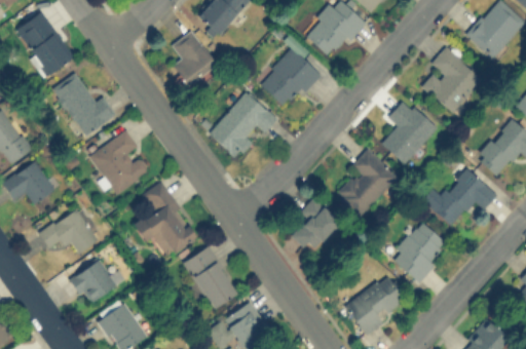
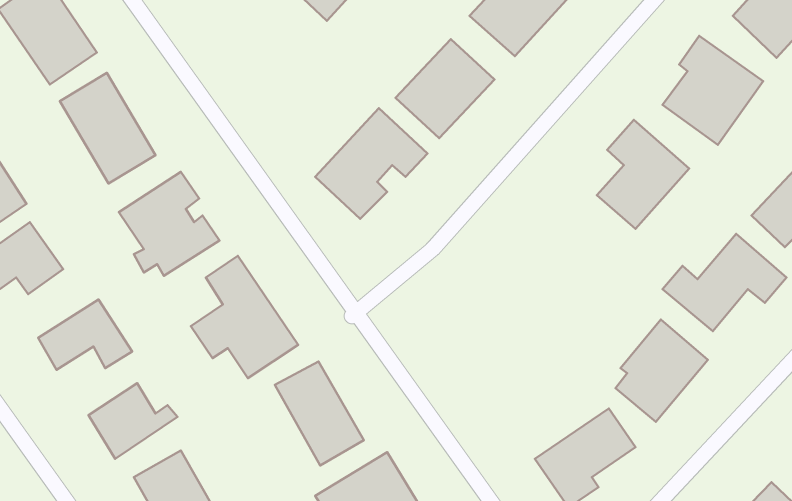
building: [172,31,215,84] -> none
building: [337,149,399,218] -> none
building: [291,197,340,253] -> none

